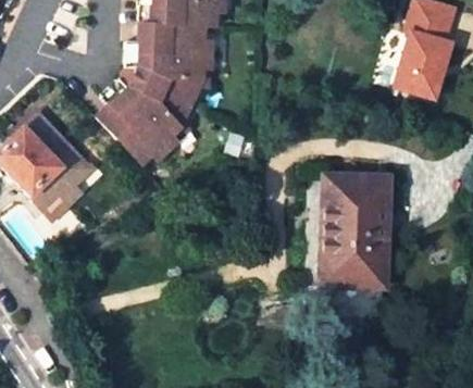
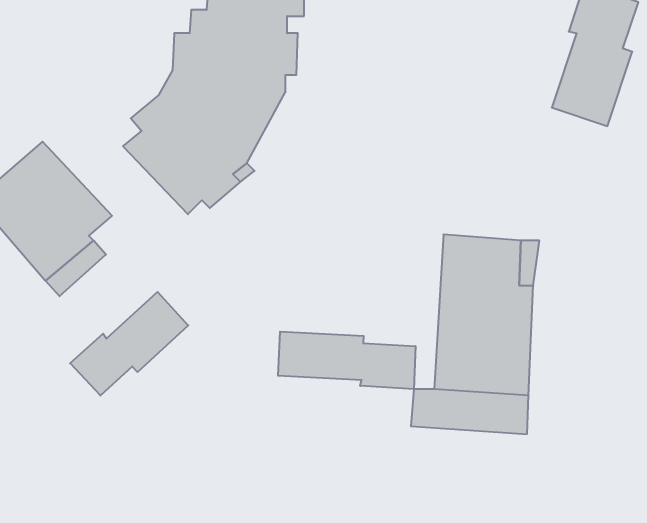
building: none -> [70,292,188,396]
building: none -> [278,332,415,389]

